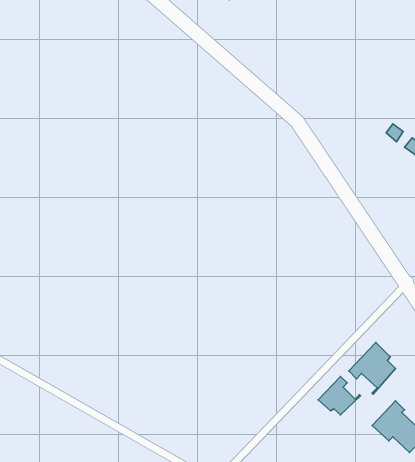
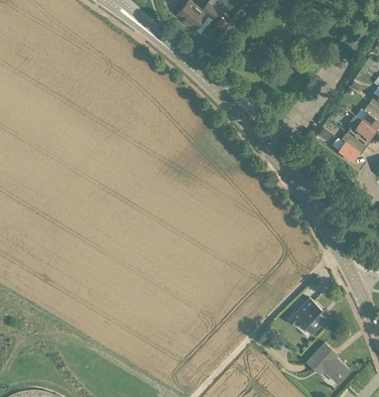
building: [318,377,361,415] -> none

